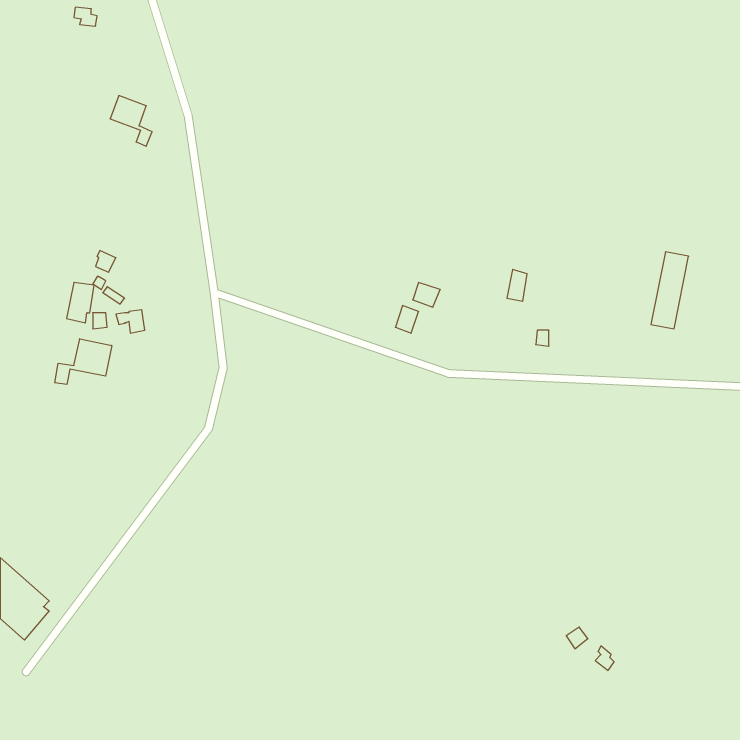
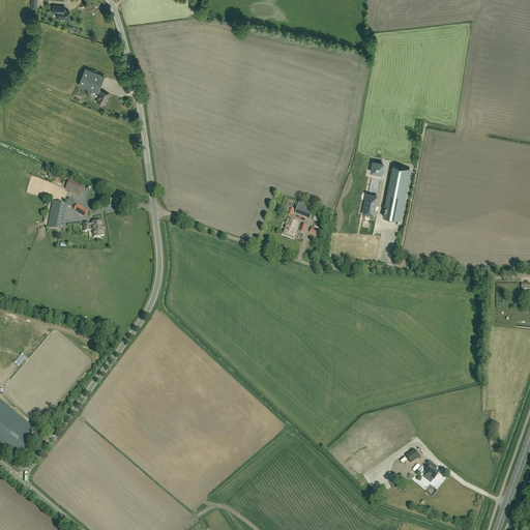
building: [651,252,689,329] -> [383,165,410,219]
building: [55,339,112,384] -> none

